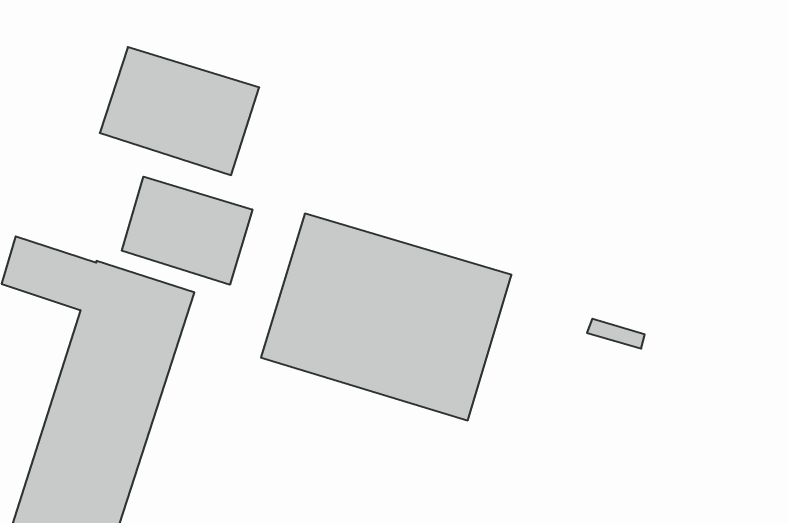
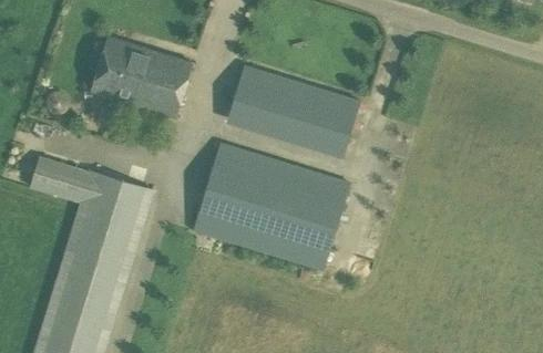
building: none -> [227,65,359,157]
building: [122,177,252,285] -> none

